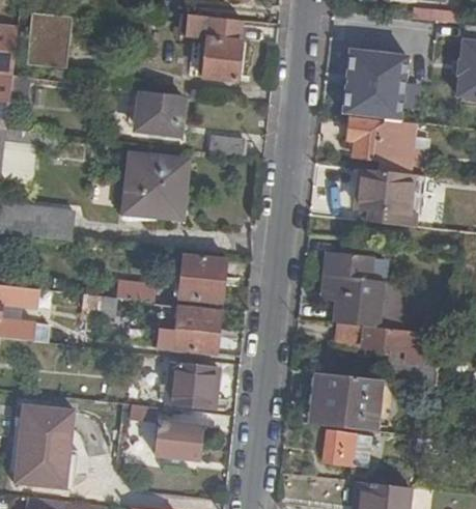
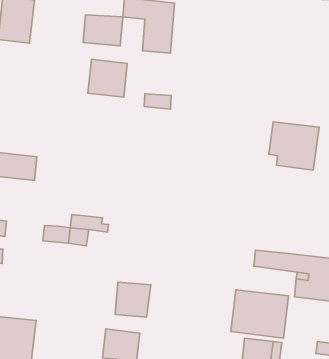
building: none -> [83,15,123,46]
building: [347,40,395,112] -> none
building: [344,119,412,173] -> none
building: [125,154,185,215] -> none
building: [321,252,386,329] -> none
building: [178,255,226,301] -> none
building: [174,306,219,354] -> none

